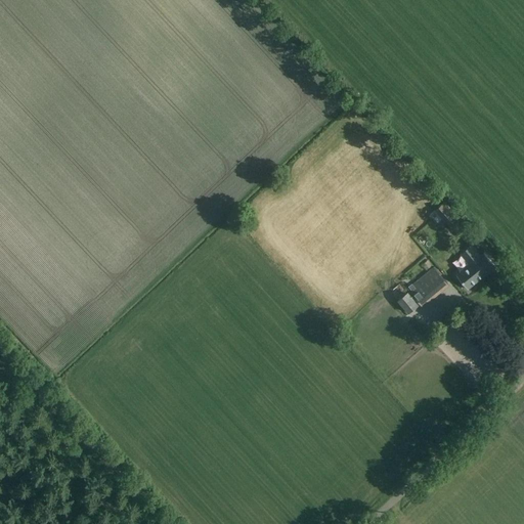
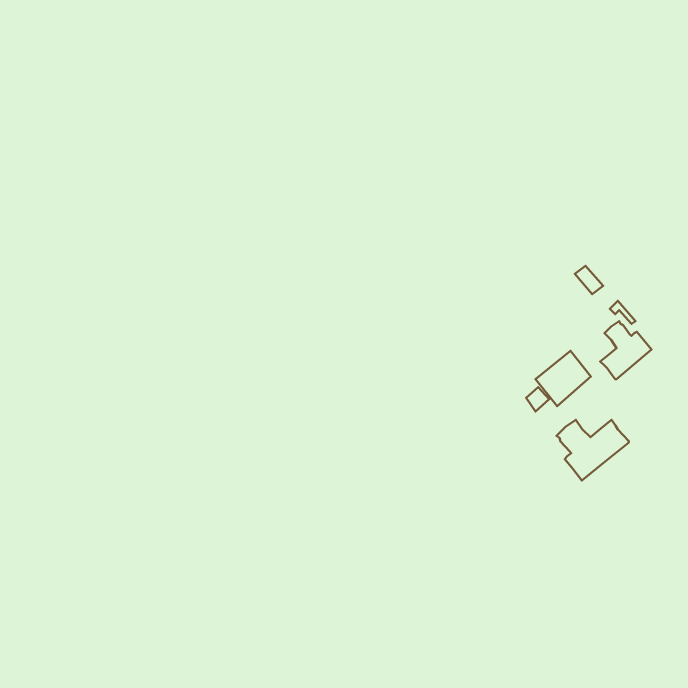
building: none -> [557,420,629,480]

